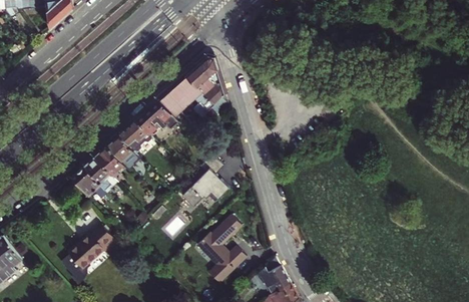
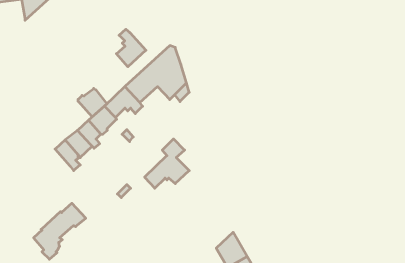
building: none -> [116,29,146,67]
building: none -> [78,88,107,117]
building: [69,169,97,198] -> none
building: [193,217,244,283] -> none

